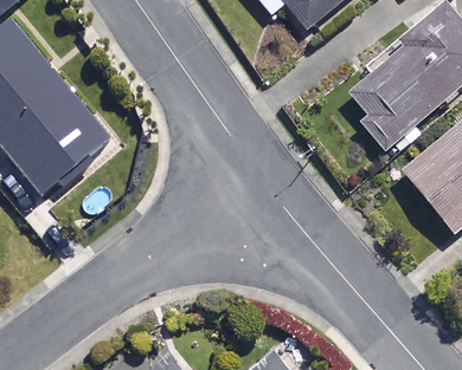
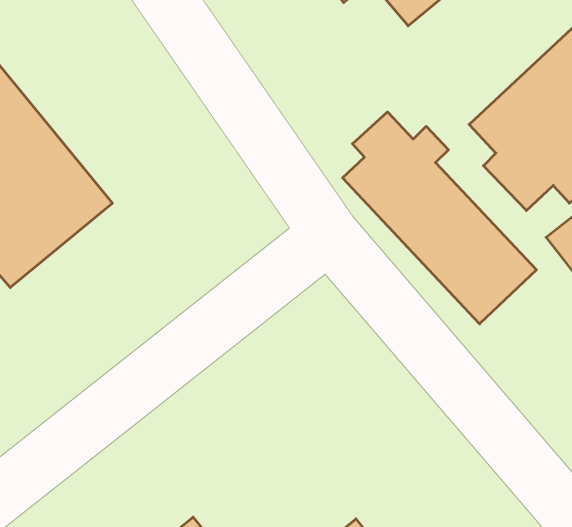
building: none -> [343,112,536,324]

